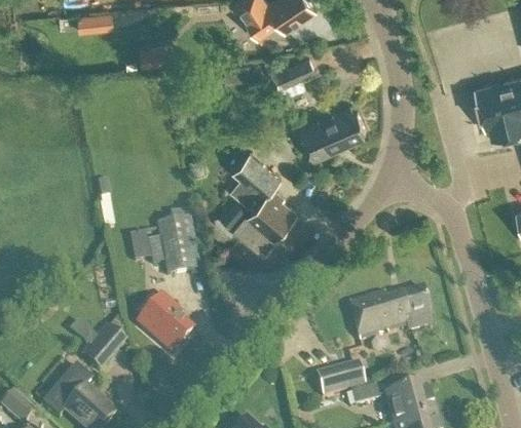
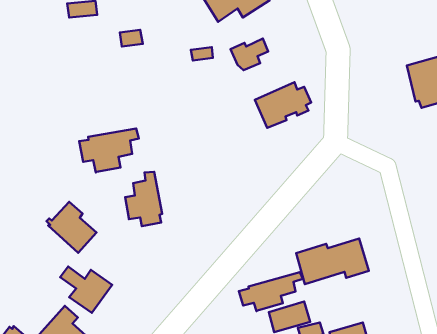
building: [230,148,297,246] -> none
building: none -> [79,128,139,172]
building: [137,291,195,351] -> [47,202,97,253]
building: none -> [239,272,303,311]

